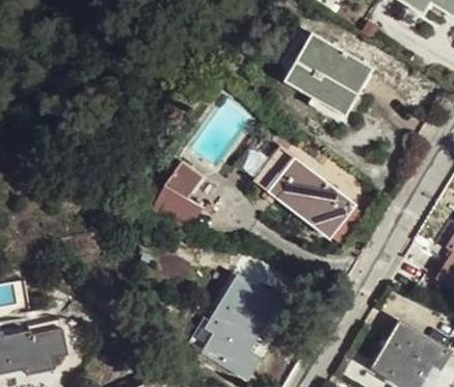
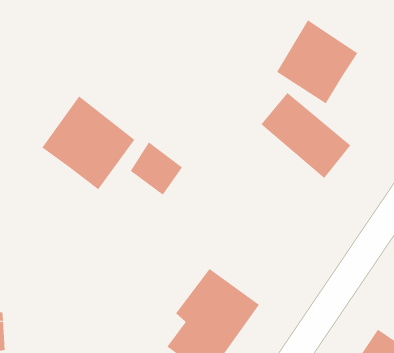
building: none -> [42,96,135,190]
building: [264,157,349,235] -> [260,92,351,179]

